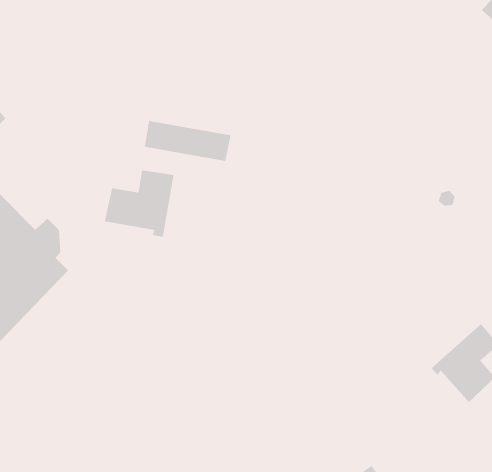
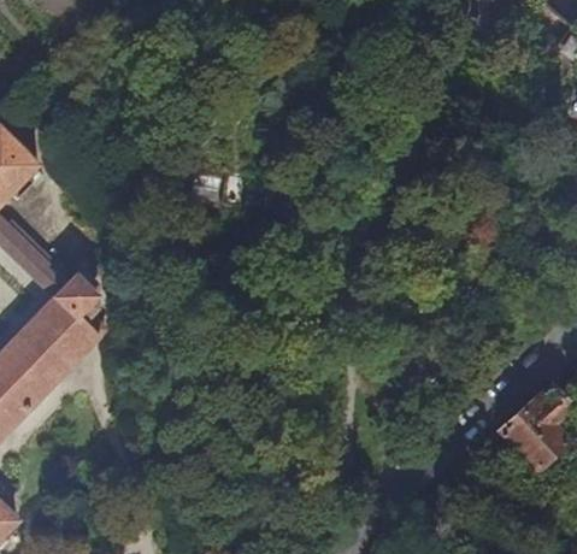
building: [104,170,175,237] -> none

